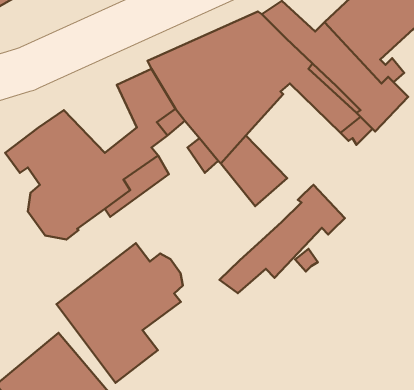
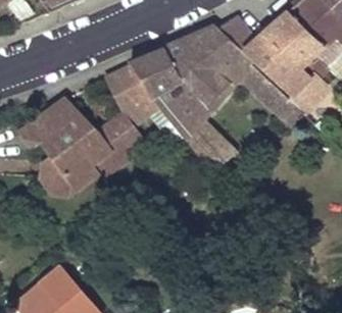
building: [220,185,345,293] -> none
building: [56,243,183,383] -> none

